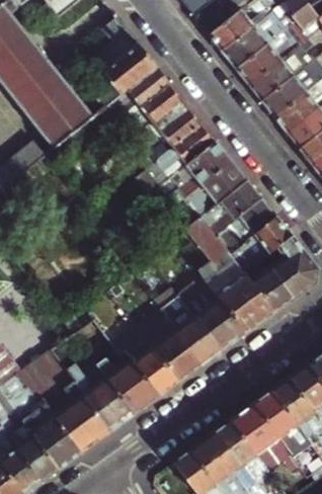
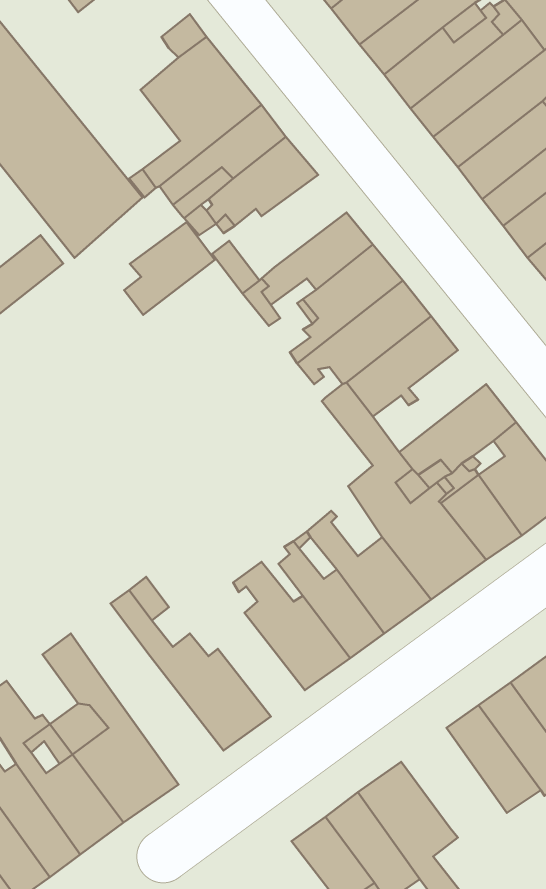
building: [153,103,202,153] -> [124,222,215,315]
building: [216,197,276,252] -> none
building: [123,331,179,394] -> none
building: [68,361,136,430] -> none
building: [231,400,294,462] -> none

